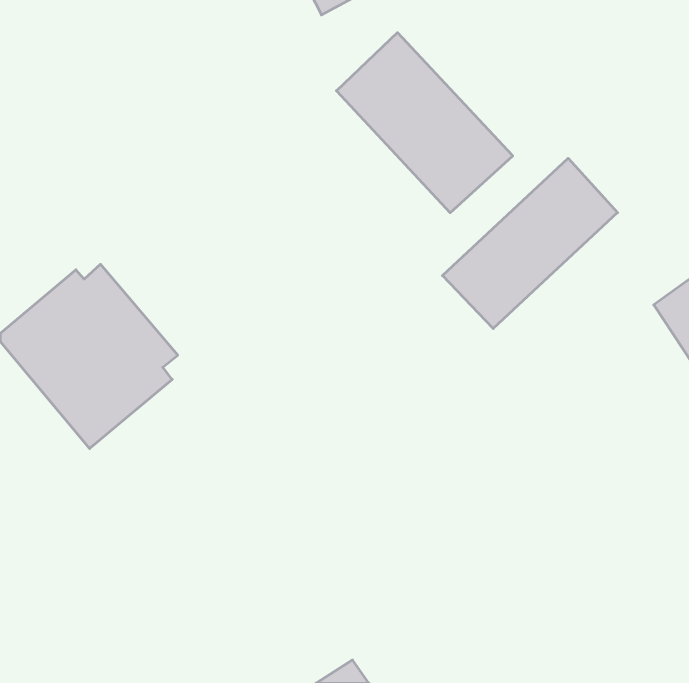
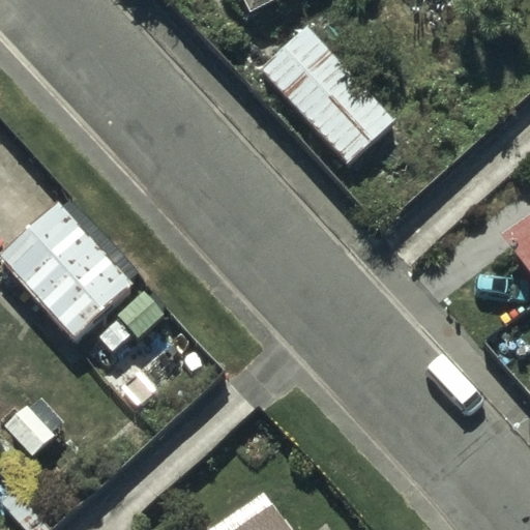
building: [442,158,618,329] -> none

